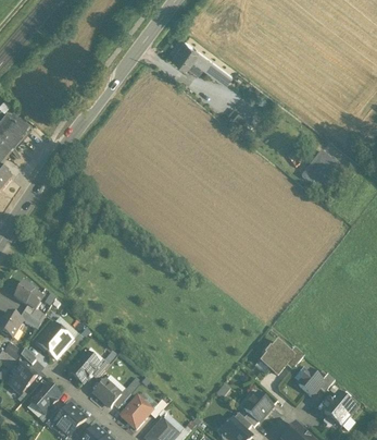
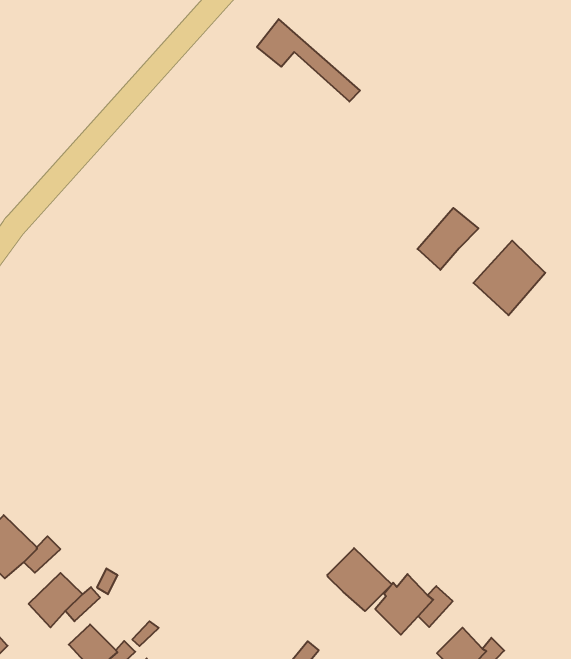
building: none -> [417,208,478,270]
building: none -> [327,548,392,611]

